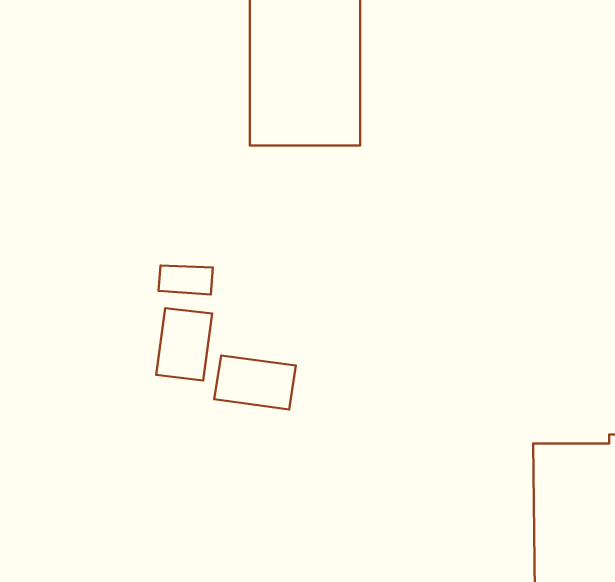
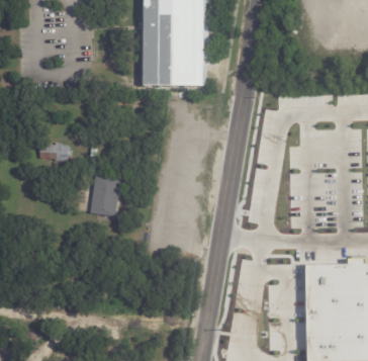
building: [159,266,213,294] -> [37,146,68,162]
building: [214,355,296,409] -> none

